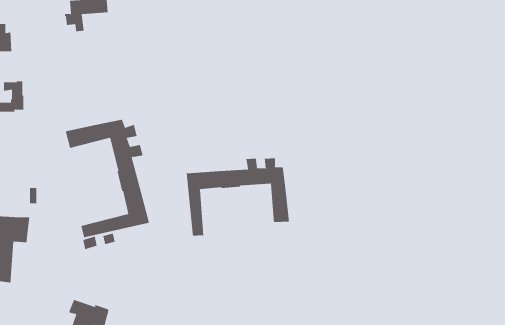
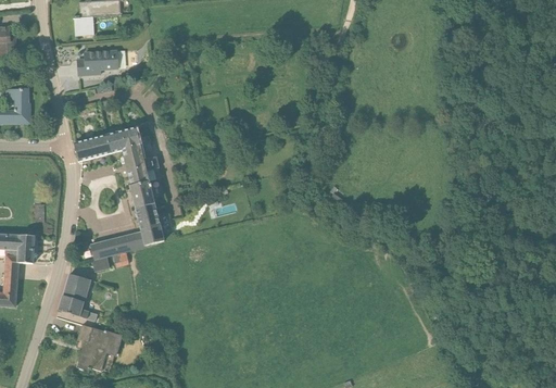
building: none -> [77,50,118,75]
building: [186,158,289,237] -> none
building: none -> [59,273,97,321]

